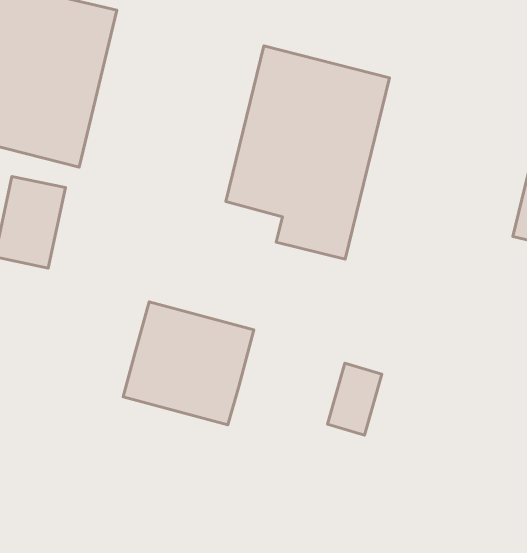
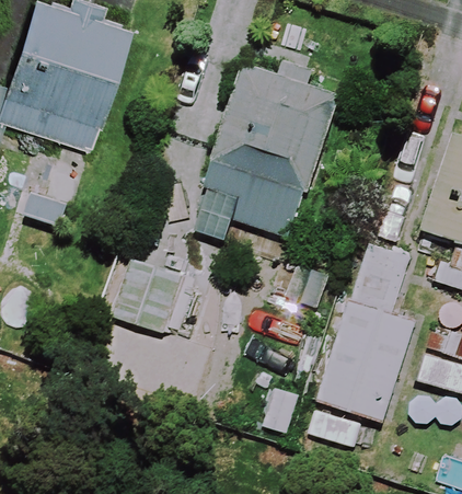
building: none -> [314,245,416,423]

